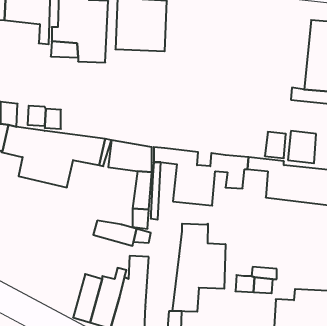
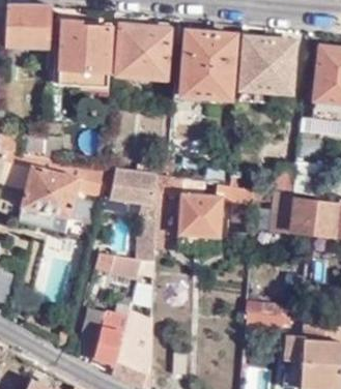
building: none -> [182,34,235,101]
building: none -> [241,38,294,93]
building: [173,224,225,312] -> none

